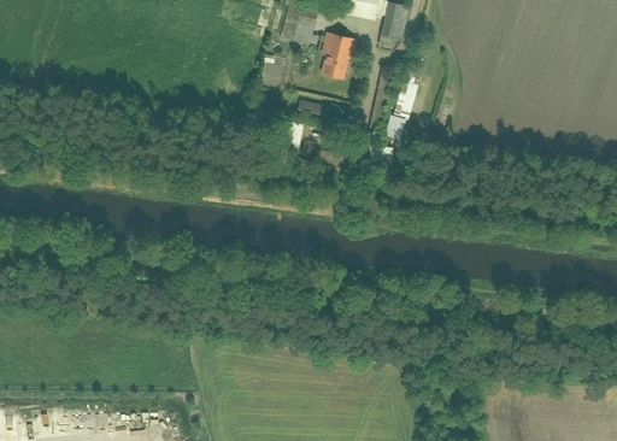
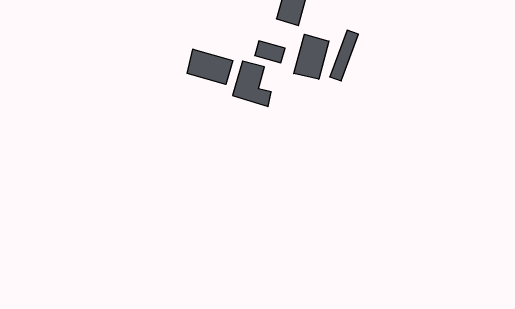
building: none -> [294,34,329,79]
building: none -> [187,49,233,84]

